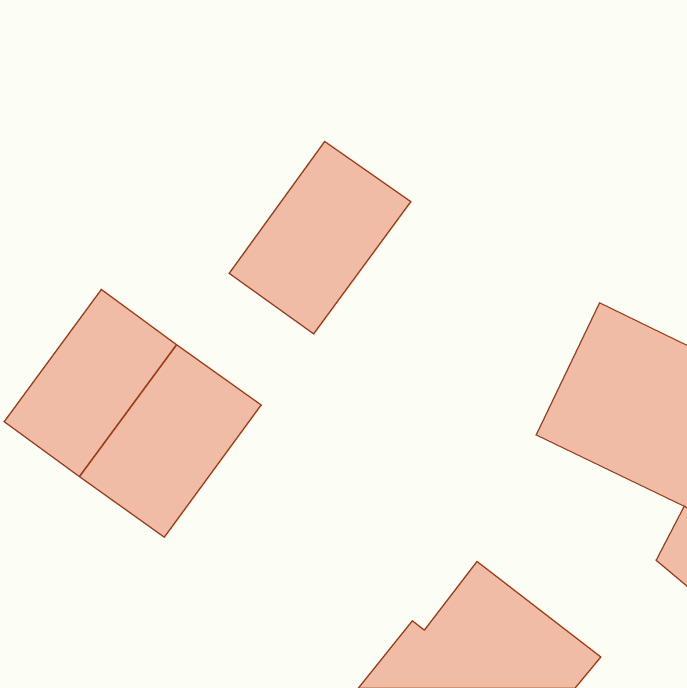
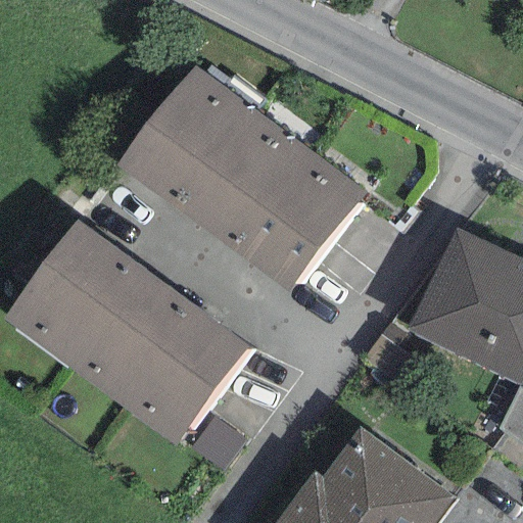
building: none -> [117,65,247,207]
building: none -> [239,153,365,291]
building: none -> [126,307,251,445]

